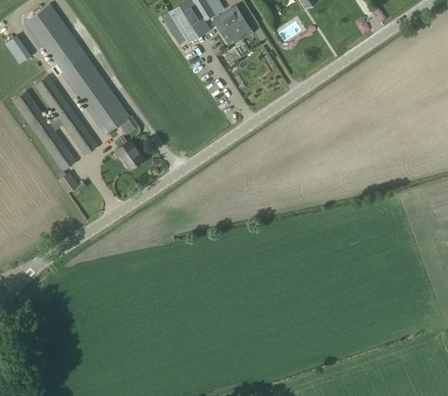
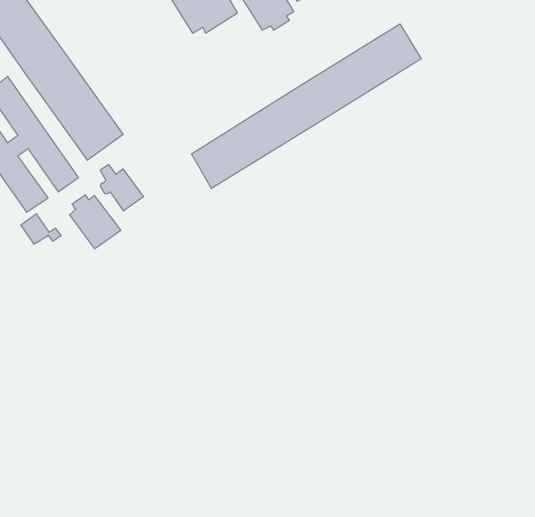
building: none -> [191,24,421,189]
building: none -> [70,195,121,249]

